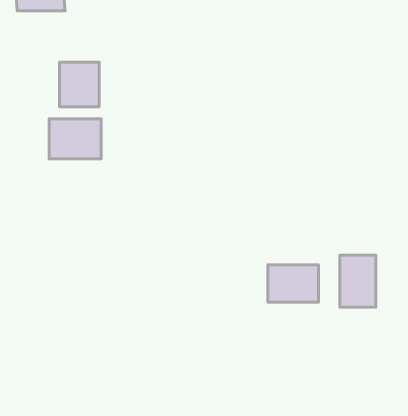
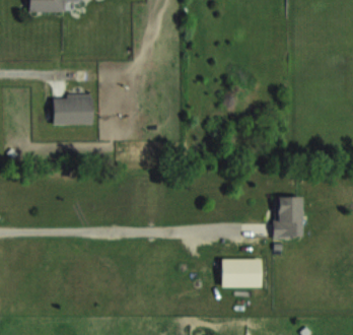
building: [59,62,99,107] -> none
building: [268,265,318,302] -> [222,259,261,287]

